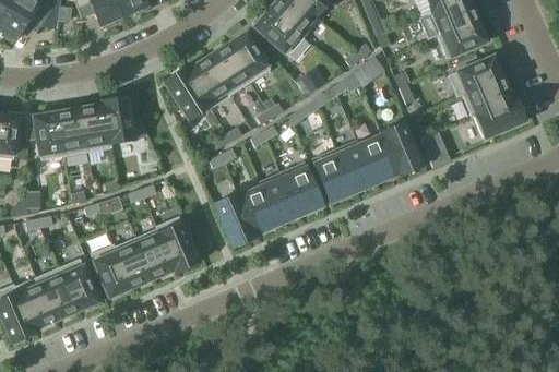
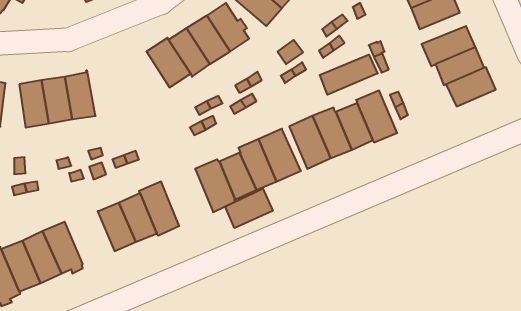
building: none -> [320,55,378,95]
building: [103,97,147,143] -> none
building: none -> [225,188,273,228]
building: [91,244,131,297] -> none

